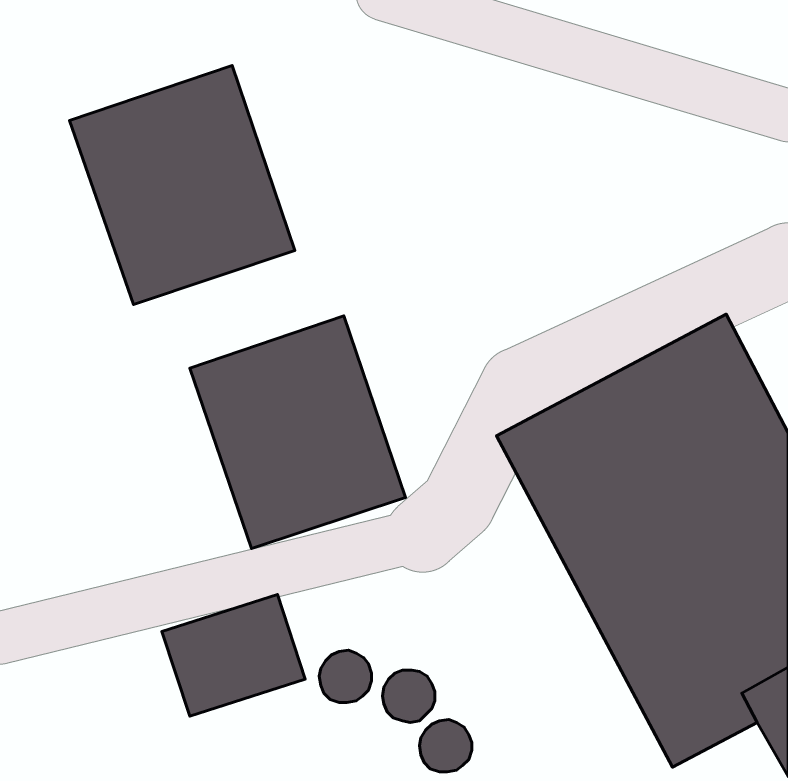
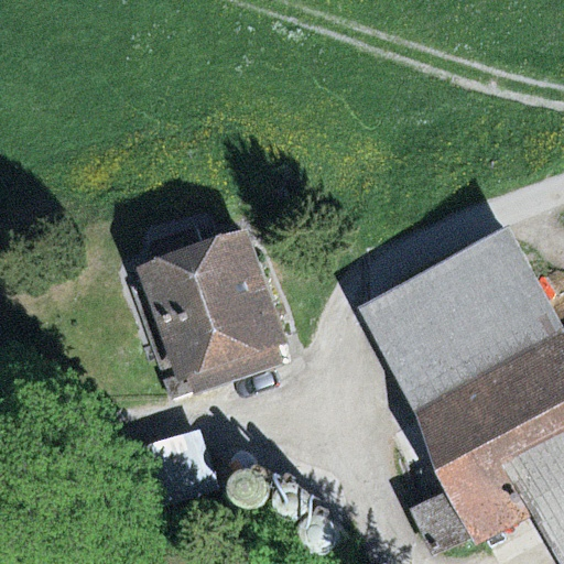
building: [70,65,295,305] -> none

